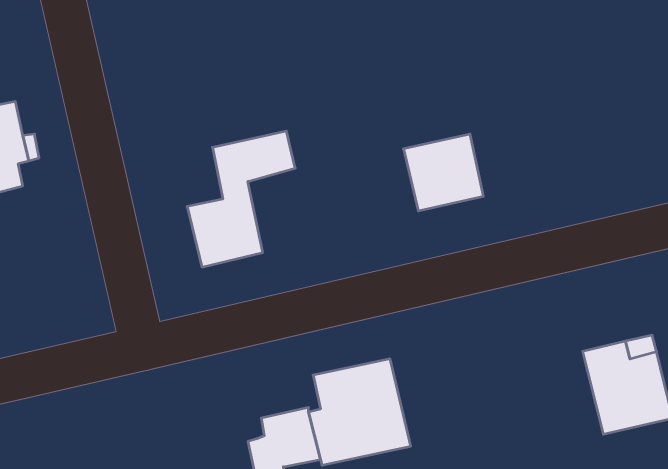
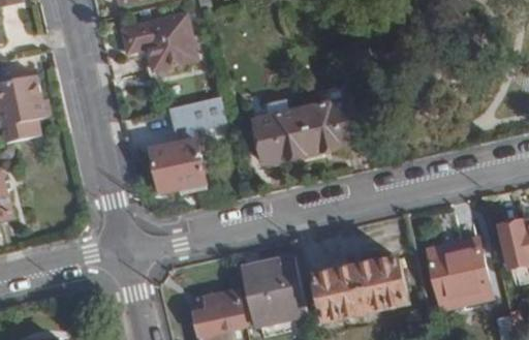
building: none -> [119,13,196,71]
building: none -> [255,101,313,164]
building: none -> [316,257,408,321]

